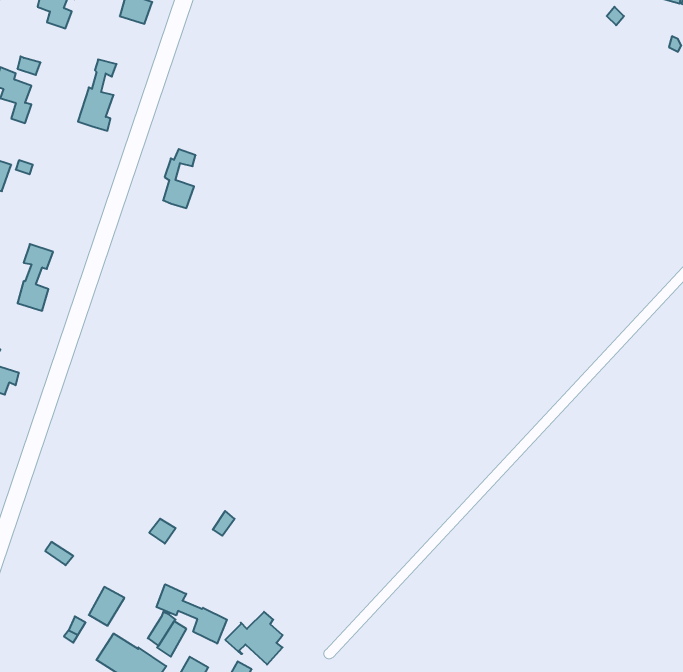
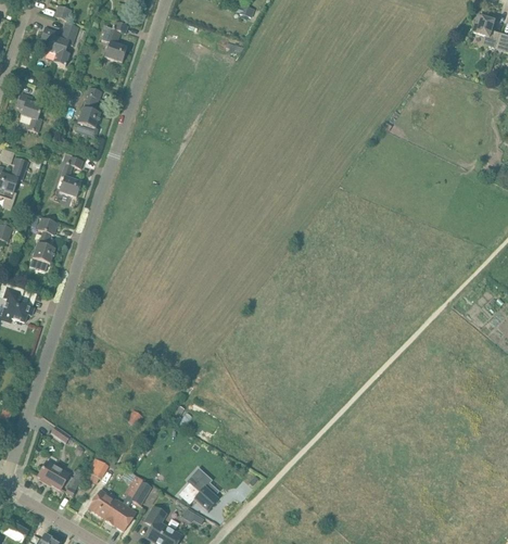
building: [163,149,196,208] -> [60,155,82,197]
building: [156,584,227,644] -> none
building: none -> [38,459,68,489]

